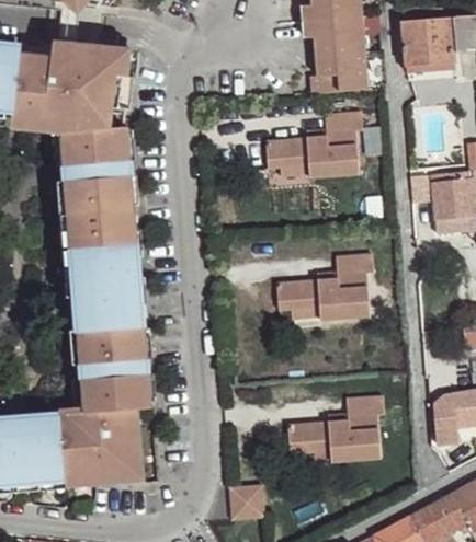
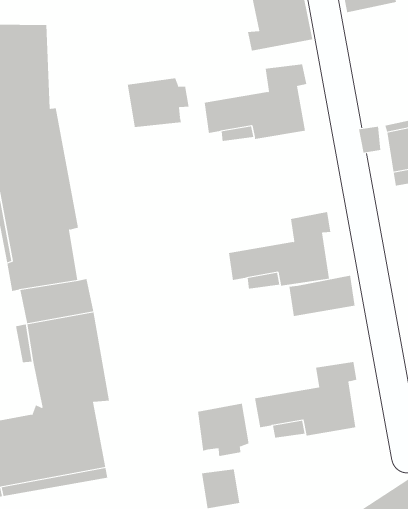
building: none -> [127,78,189,128]
building: none -> [289,275,355,317]
building: none -> [197,403,249,457]

